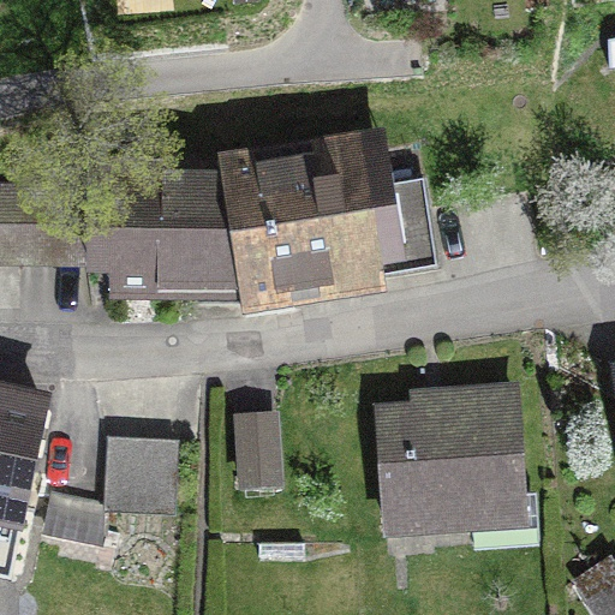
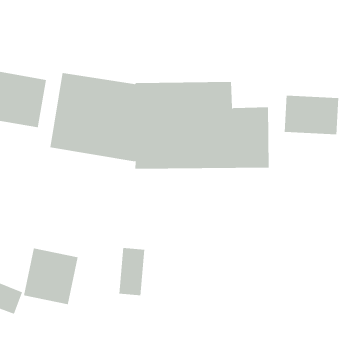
building: none -> [284,95,339,135]
building: [377,394,523,525] -> none

